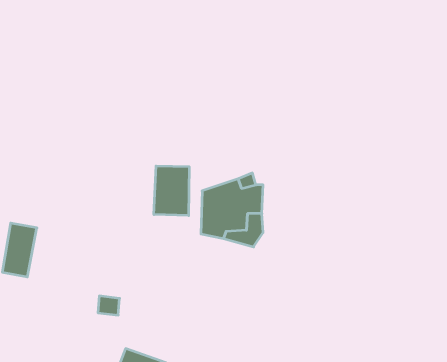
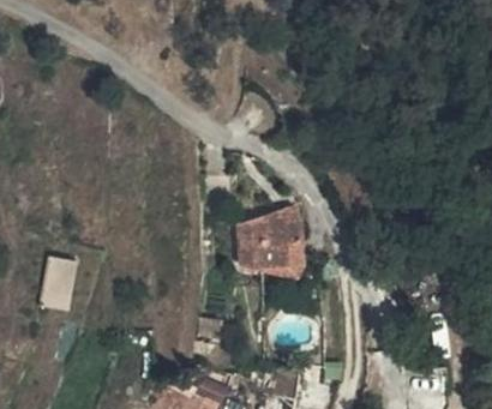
building: [154,166,189,216] -> none

